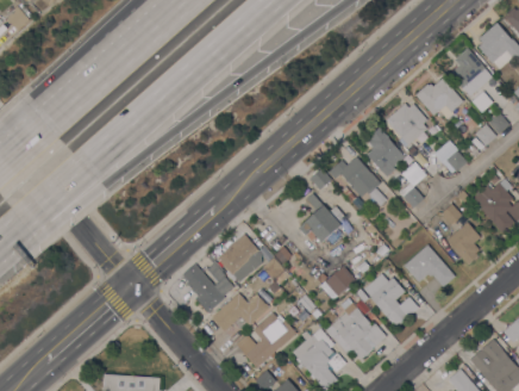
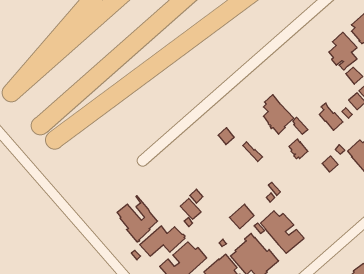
building: [414,77,463,119] -> none
building: [386,103,426,144] -> none
building: [327,156,386,205] -> none
building: [298,193,344,242] -> none
building: [446,222,480,263] -> none
building: [215,234,262,281] -> none
building: [402,244,455,286] -> none

